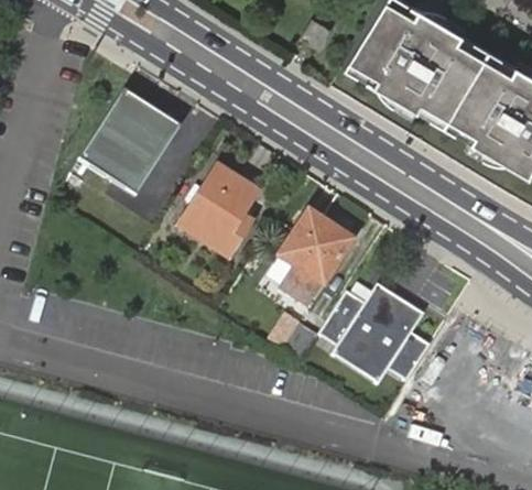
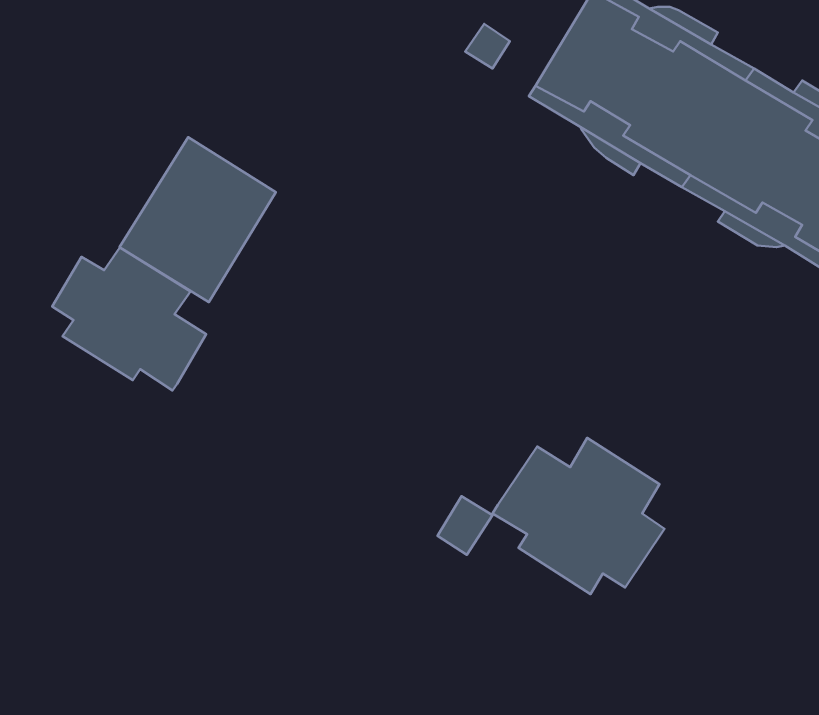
building: none -> [52,247,206,391]
building: [178,165,257,254] -> none
building: [280,210,350,305] -> none

